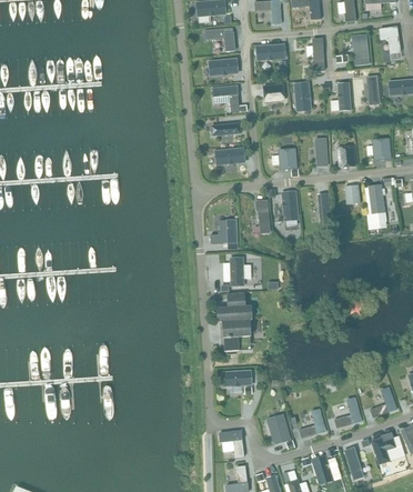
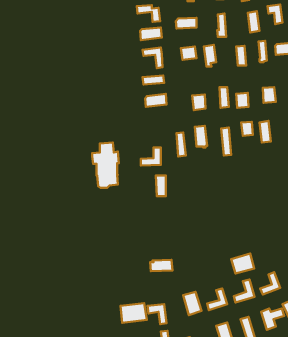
building: [216,292,252,353] -> [92,143,119,188]
building: none -> [231,254,254,274]
building: none -> [121,303,147,323]

